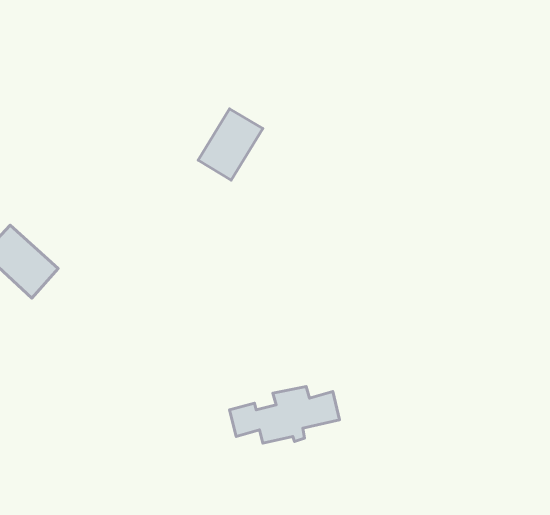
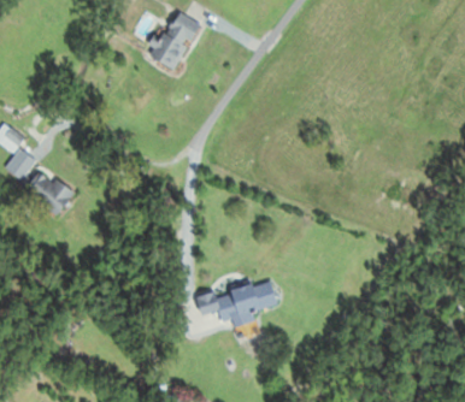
building: [198,109,263,180] -> [151,18,198,70]

